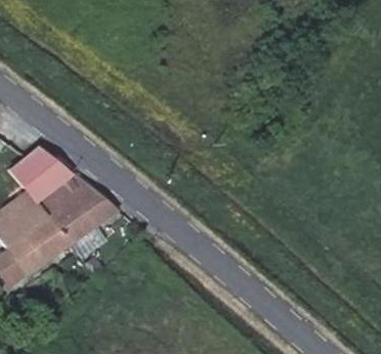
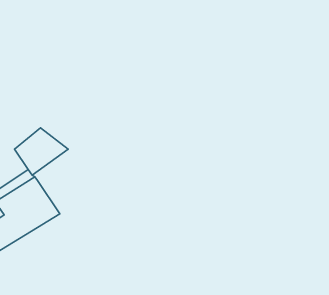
building: [44,179,122,245] -> none

